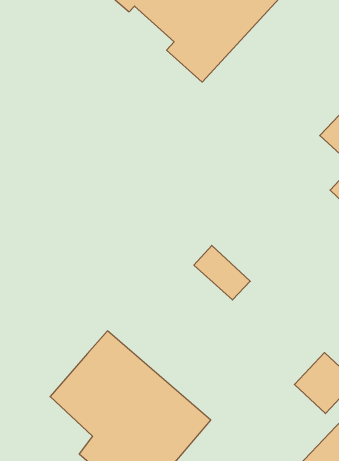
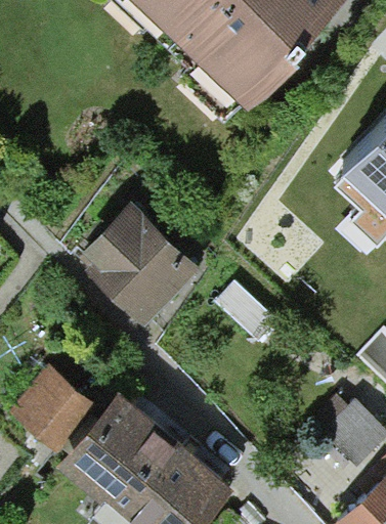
building: none -> [76,200,203,325]
building: none -> [11,365,99,451]

